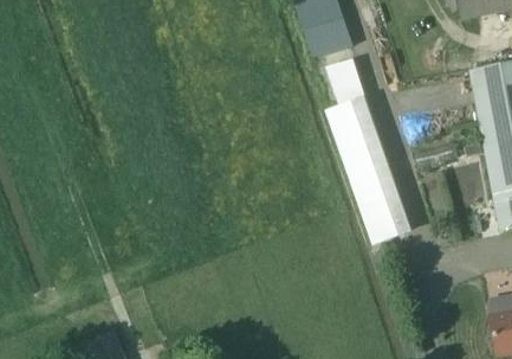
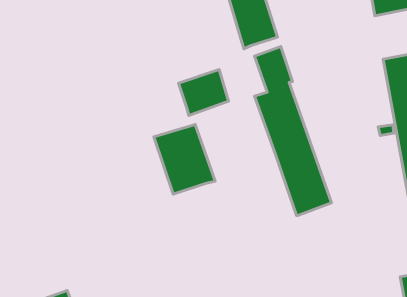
building: none -> [179,70,229,116]
building: none -> [154,125,215,194]

